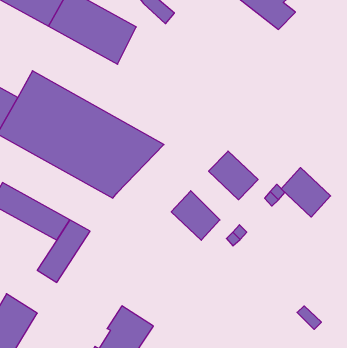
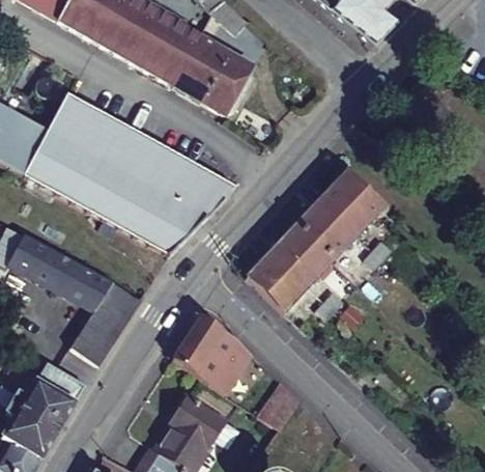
building: none -> [177,38,254,112]
building: [281,168,331,217] -> [318,170,381,233]
building: none -> [270,223,332,285]
building: none -> [172,313,252,394]
building: none -> [35,361,87,405]
building: none -> [257,380,302,429]

